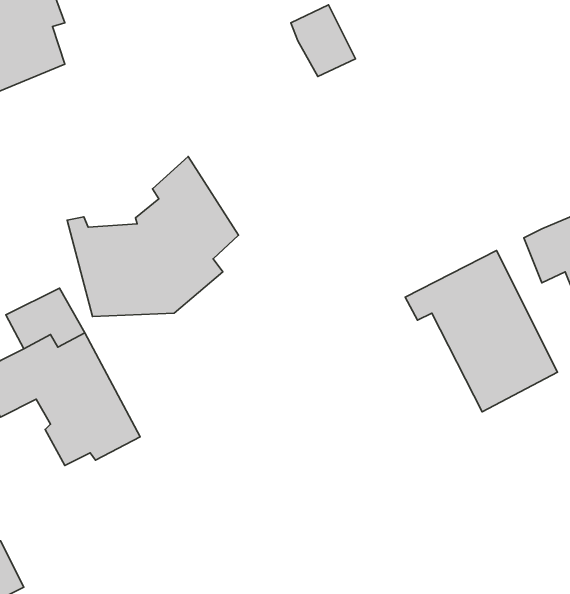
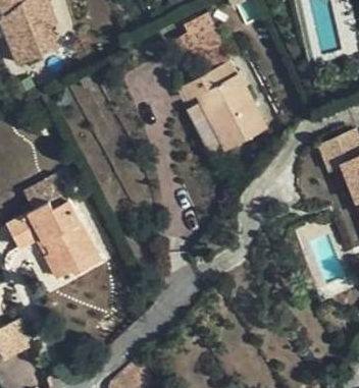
building: [67,156,239,317] -> none
building: [405,250,557,412] -> [180,60,266,152]

